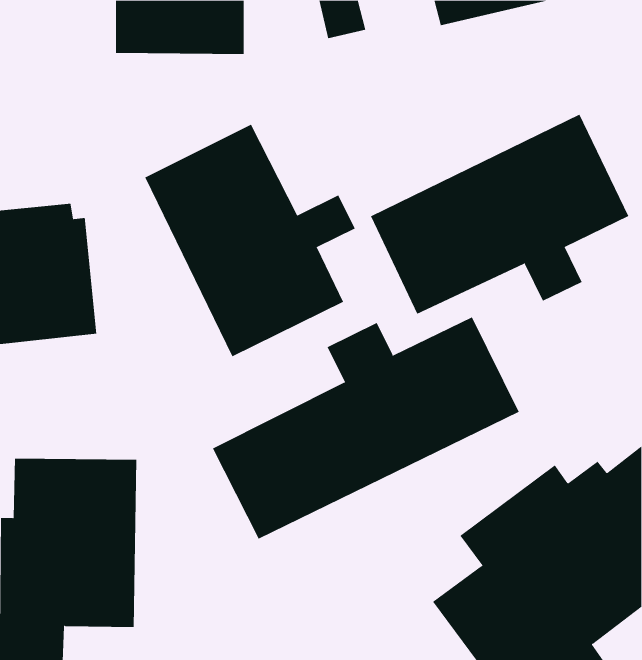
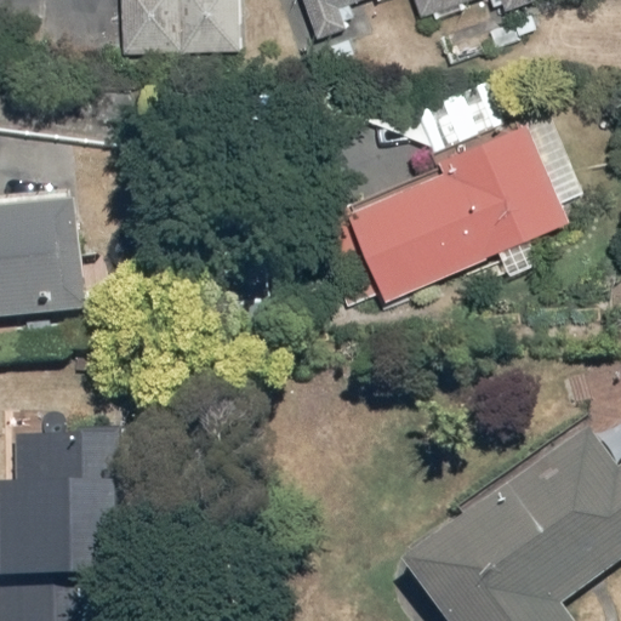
building: [144,124,355,357] -> none
building: [212,317,520,539] -> none

